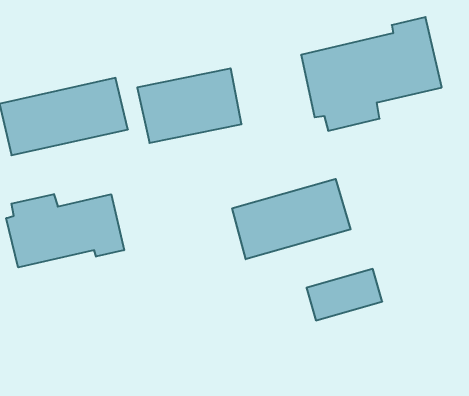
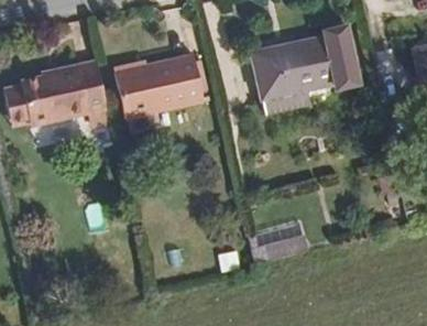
building: [232,179,351,259] -> none
building: [6,194,124,267] -> none

